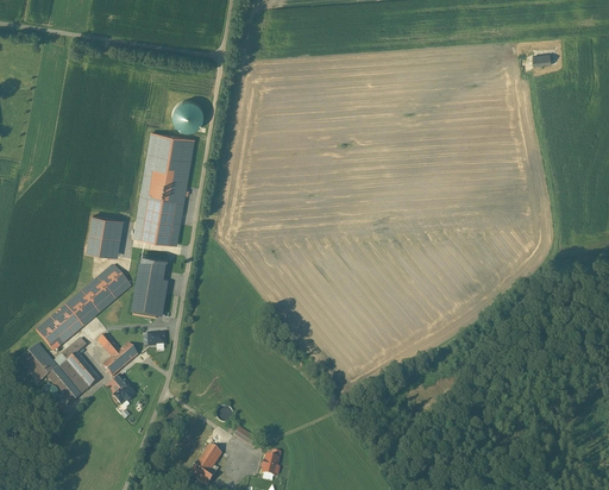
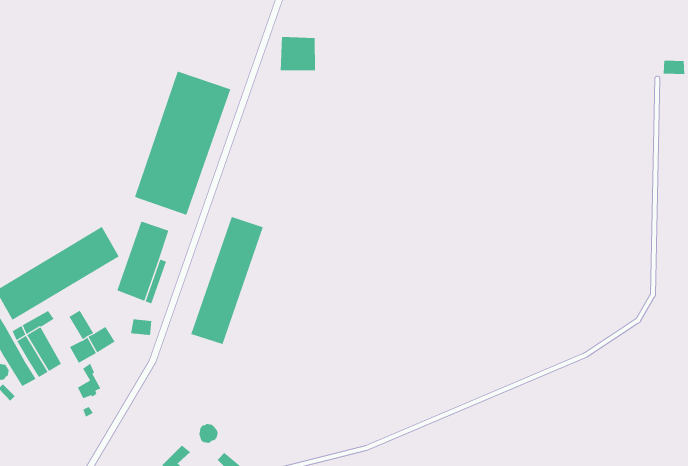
building: [171,100,203,131] -> [280,36,316,71]
building: [86,215,124,257] -> none
building: none -> [191,216,264,345]

